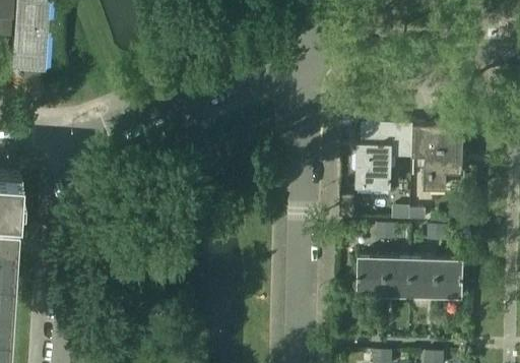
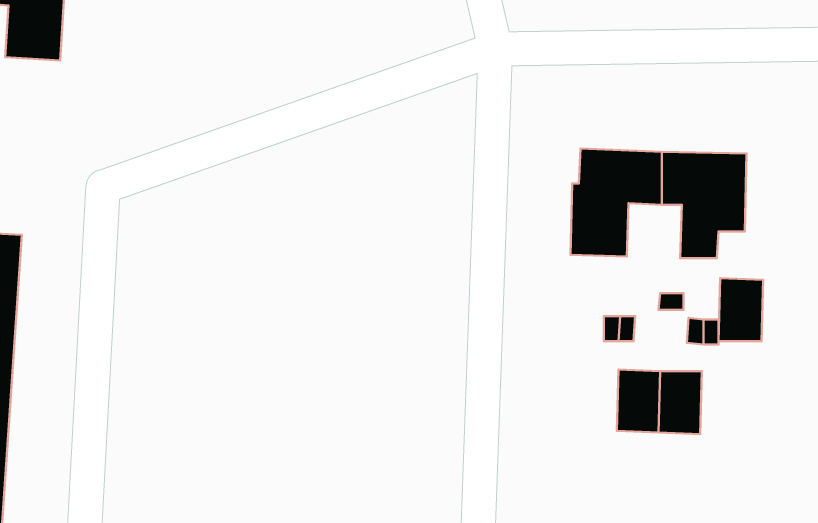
building: [358,258,385,297] -> none
building: [435,260,462,299] -> [718,278,763,341]

